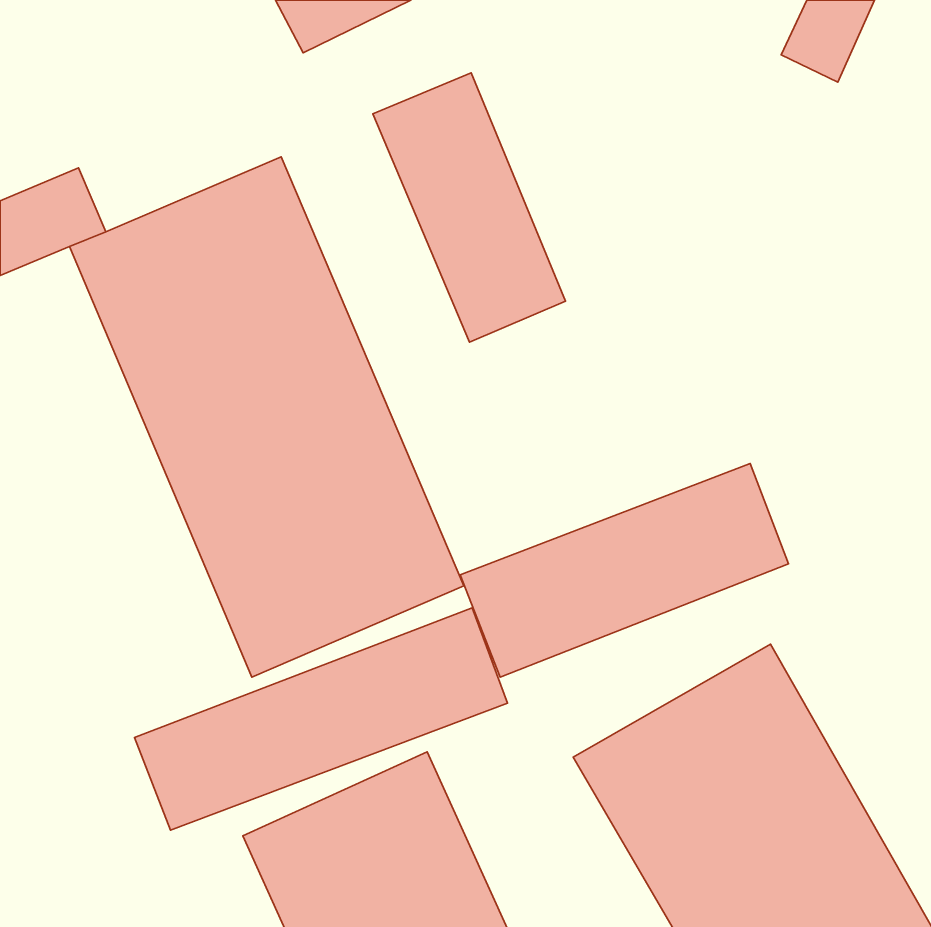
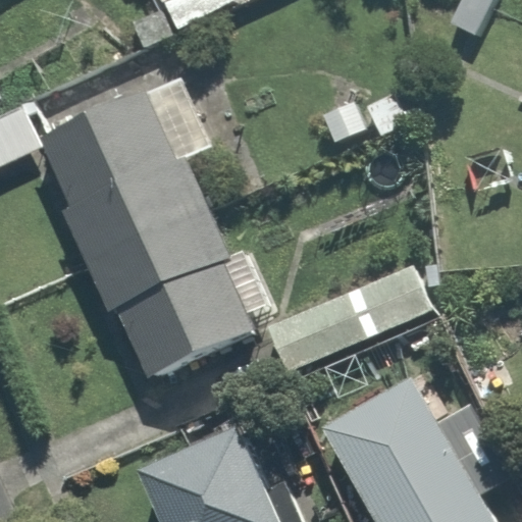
building: [373,73,566,342] -> none
building: [135,608,508,830] -> none

